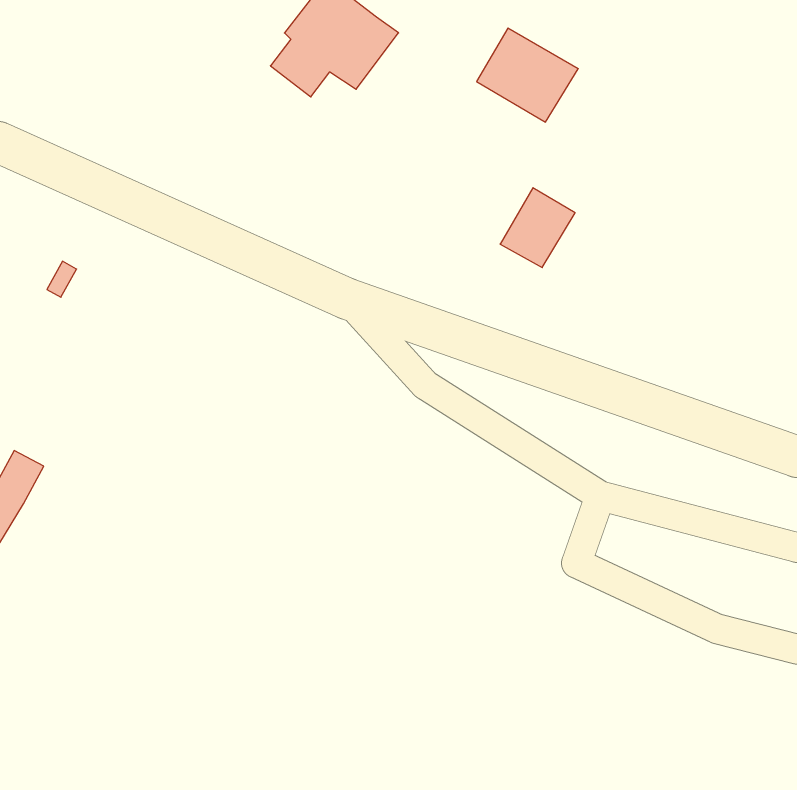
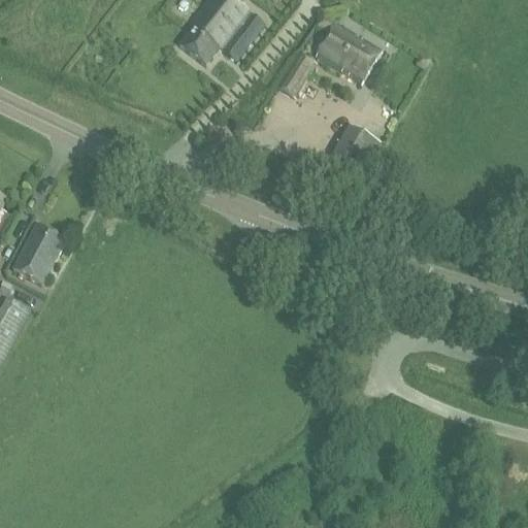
building: none -> [276,50,316,97]
building: none -> [11,224,64,283]

